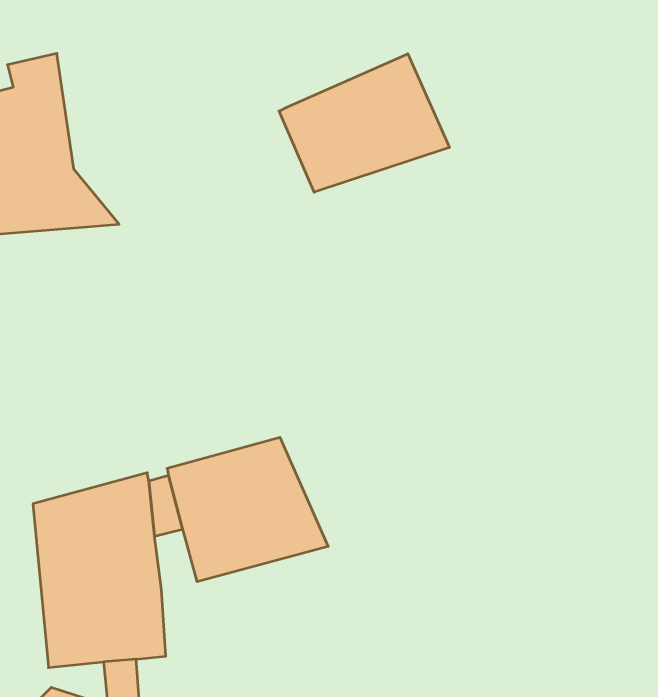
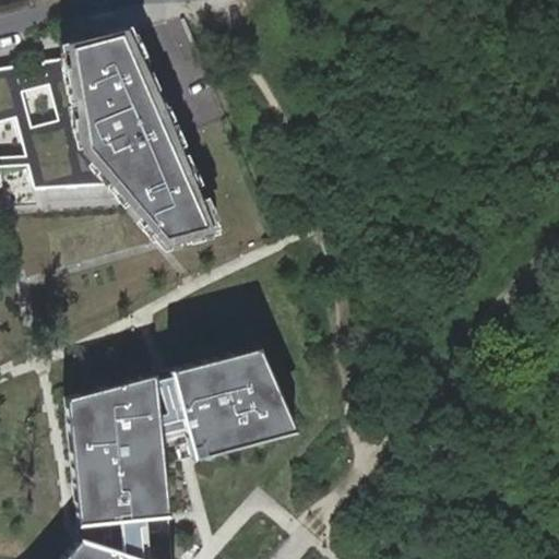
building: none -> [81,29,222,238]
building: [279,54,449,192] -> none

